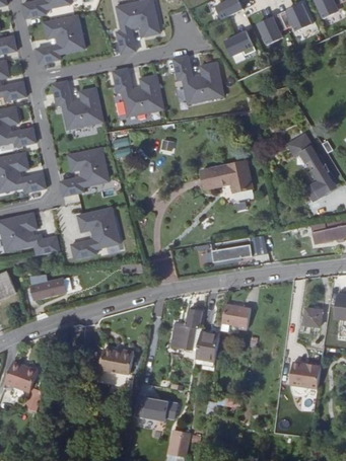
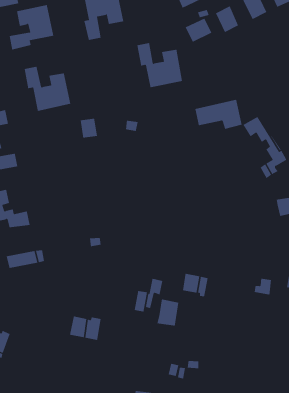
building: [112,68,162,117] -> none
building: [60,148,108,196] -> none
building: [199,160,251,193] -> [194,99,243,130]
building: [71,207,119,258] -> none
building: [213,238,252,260] -> none
building: [292,360,321,385] -> none
building: [134,391,179,418] -> none

